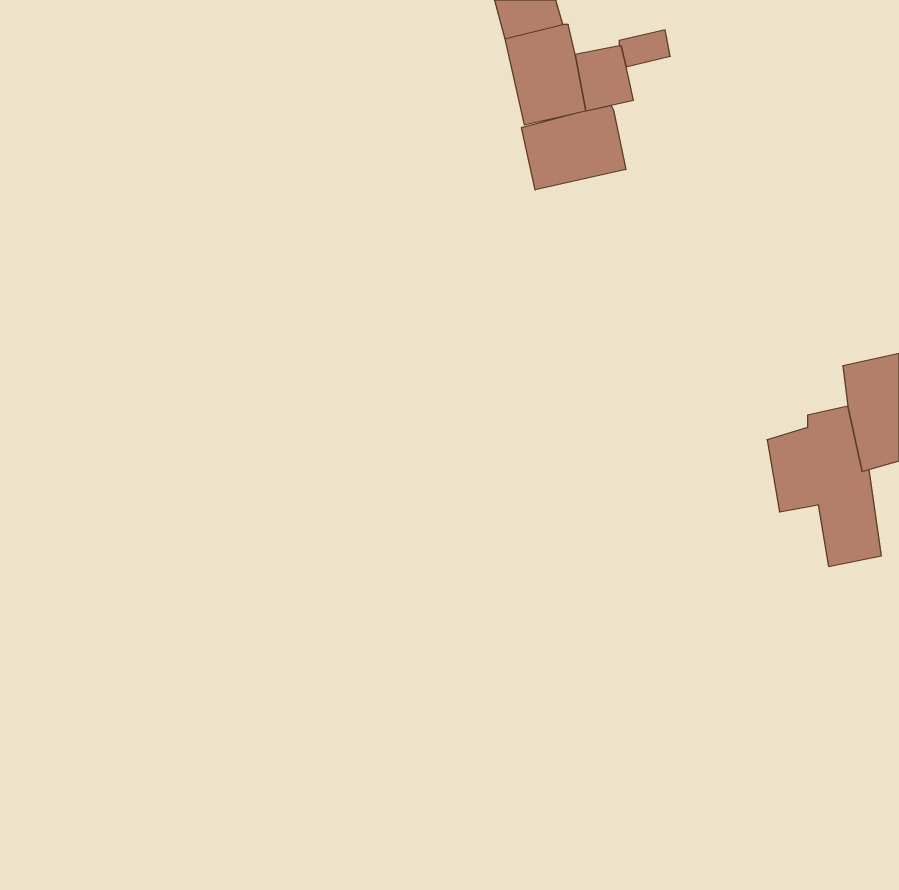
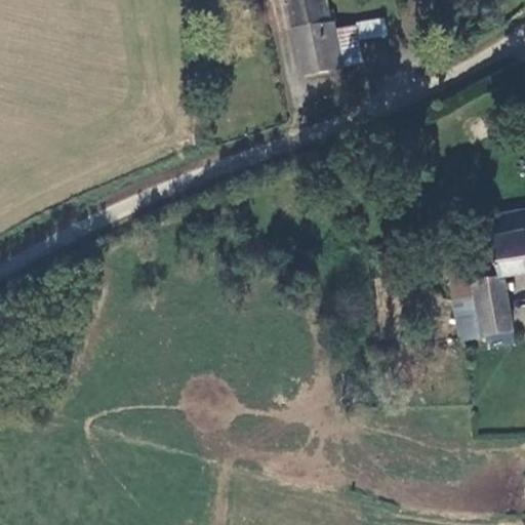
building: [522,105,626,190] -> none
building: none -> [454,299,483,340]

